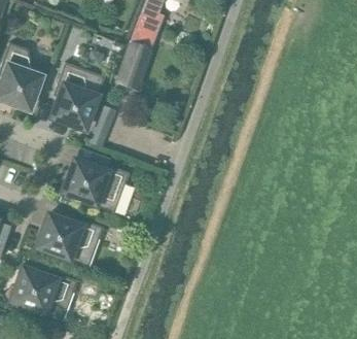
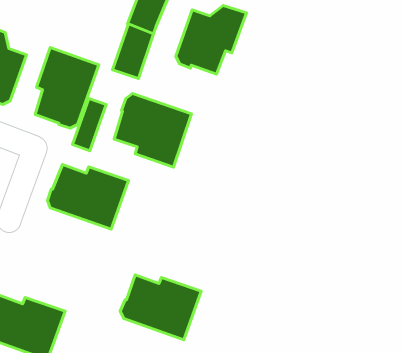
building: none -> [176,5,246,74]
building: none -> [114,93,192,167]
building: [36,214,103,268] -> [120,275,201,340]

